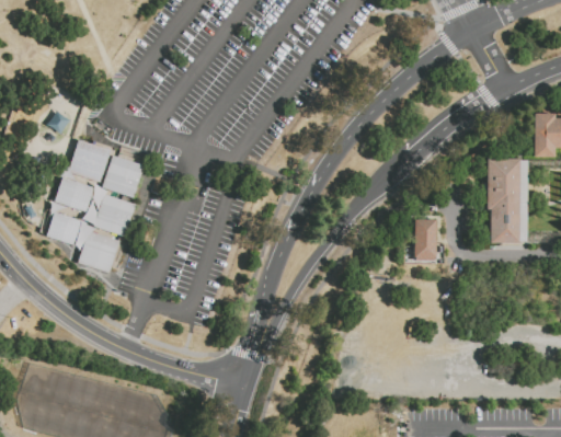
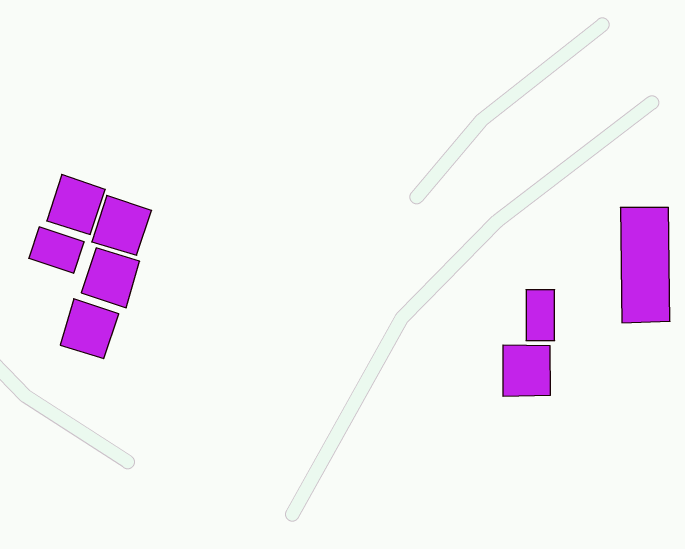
building: [46,210,87,244] -> none
building: none -> [503,345,550,396]

